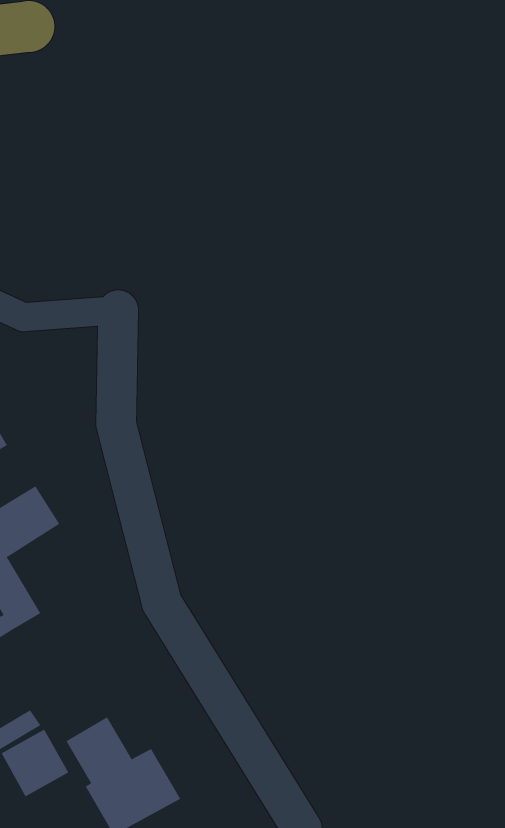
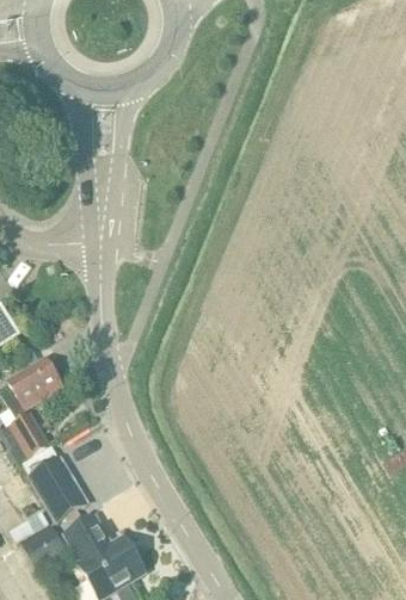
building: none -> [32,457,87,519]

